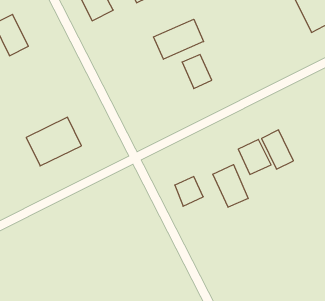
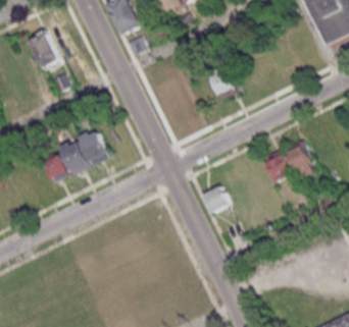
building: [154,19,204,59] -> none
building: none -> [41,153,64,178]
building: [213,165,248,207] -> none

